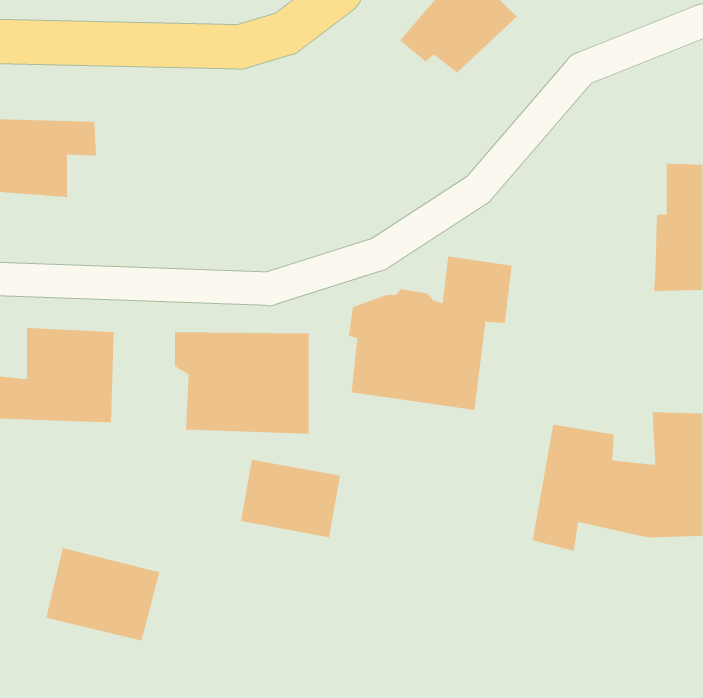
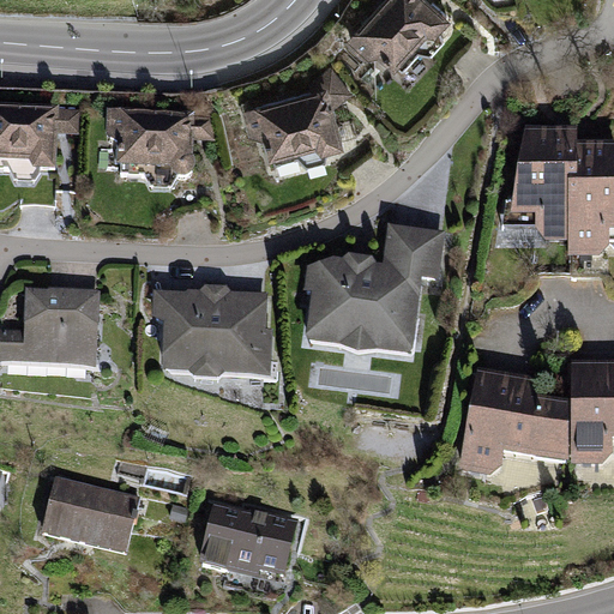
building: none -> [242,60,354,159]
building: none -> [107,110,212,174]
building: none -> [507,127,578,239]
building: [240,459,341,538] -> [205,511,293,579]

